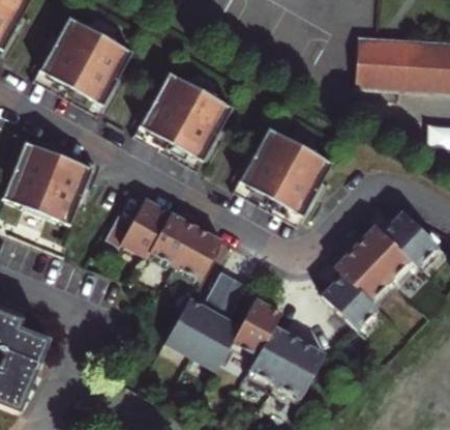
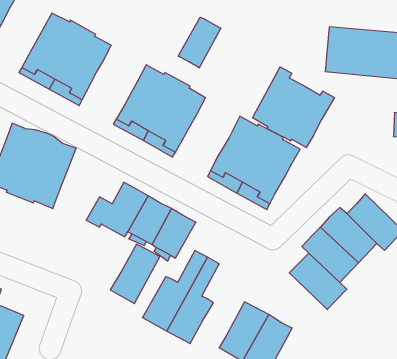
building: none -> [178,17,221,68]
building: none -> [253,67,334,148]
building: [228,299,280,363] -> [110,244,160,304]

